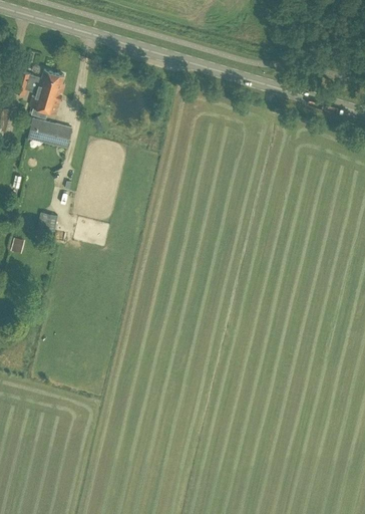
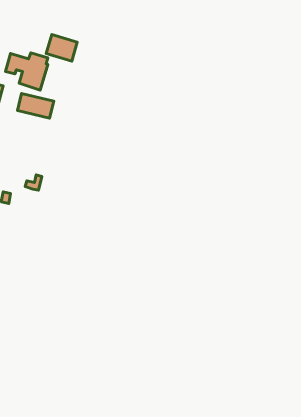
building: none -> [46,35,77,61]

